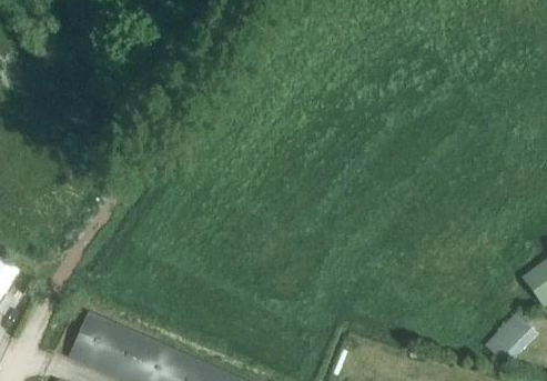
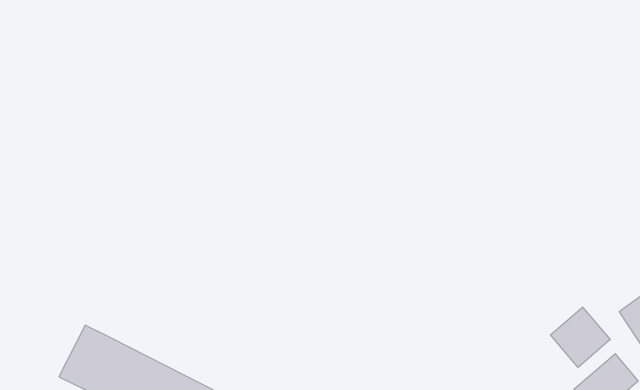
building: none -> [550,307,610,367]

